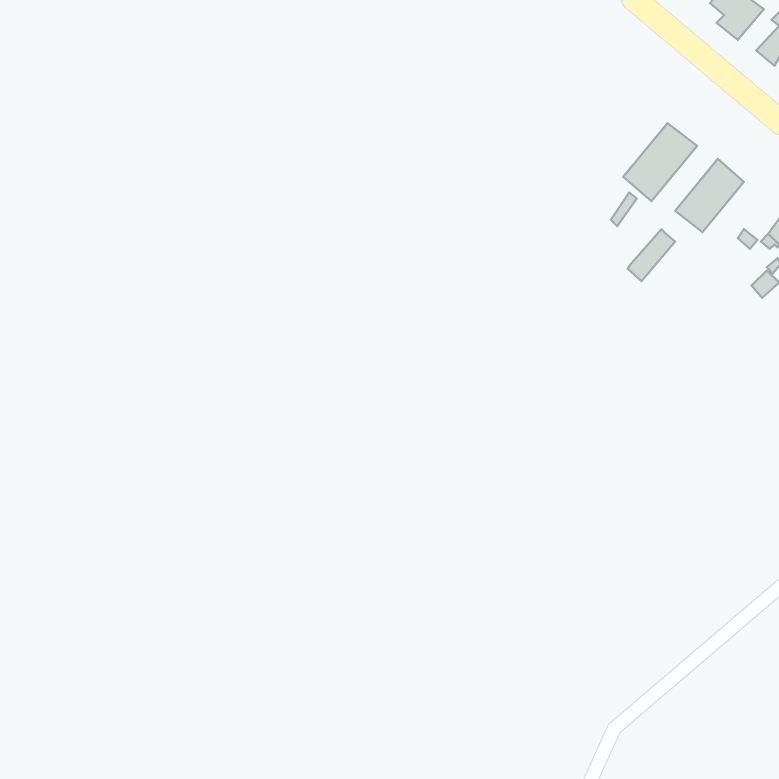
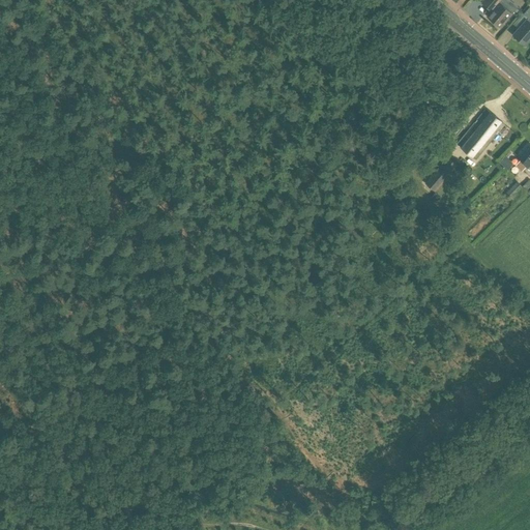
building: [623,123,697,201] -> none

